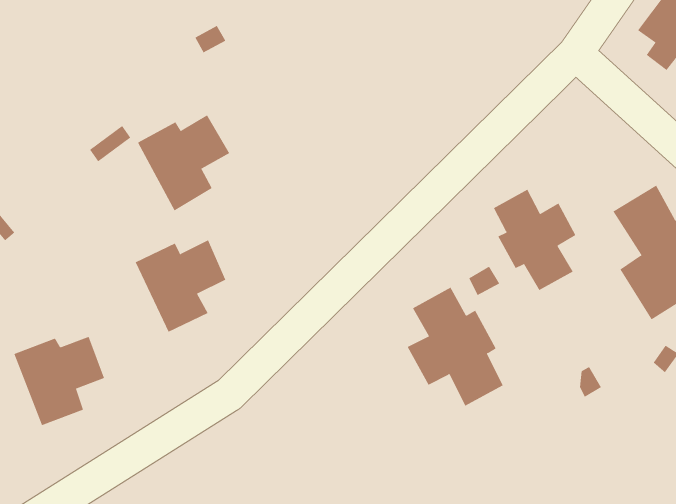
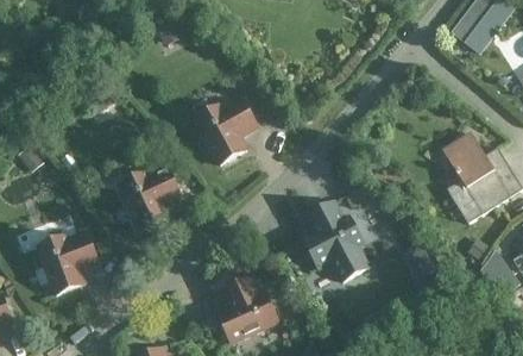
building: [137,114,230,211] -> [194,98,257,163]
building: [493,189,576,291] -> none
building: none -> [216,275,277,341]

